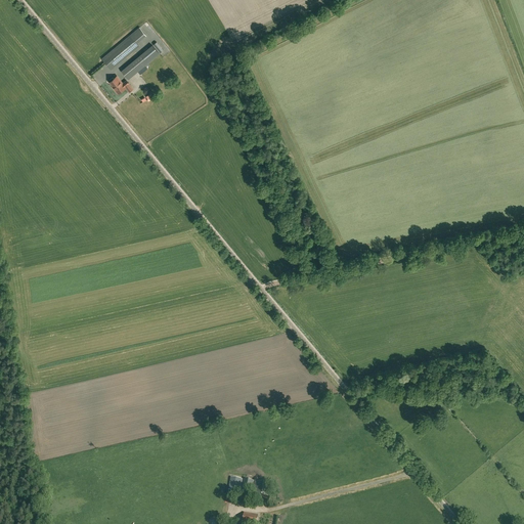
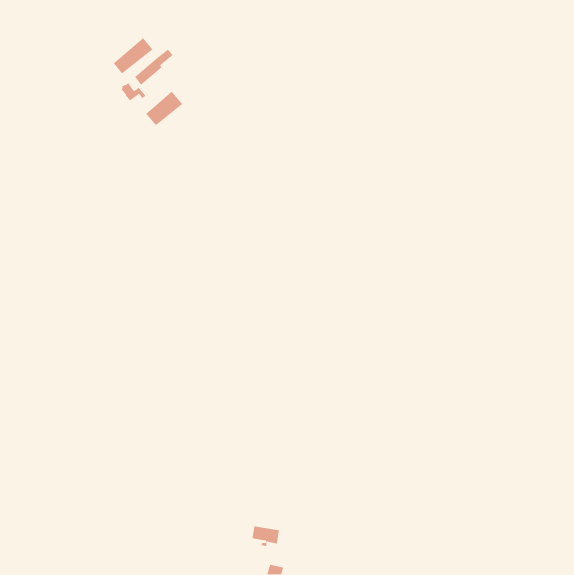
building: none -> [145,90,183,126]

